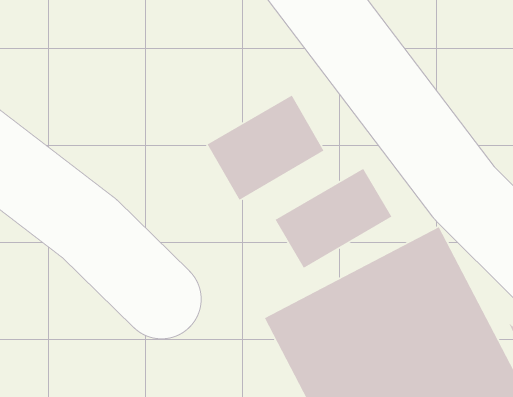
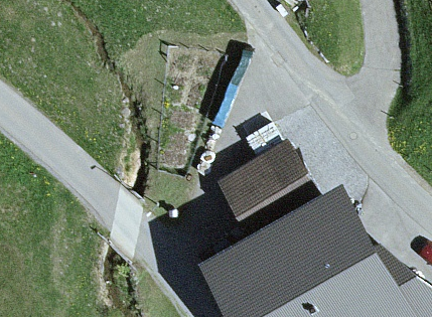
building: [207,94,325,201] -> none

